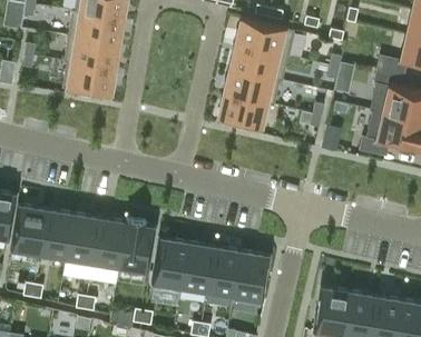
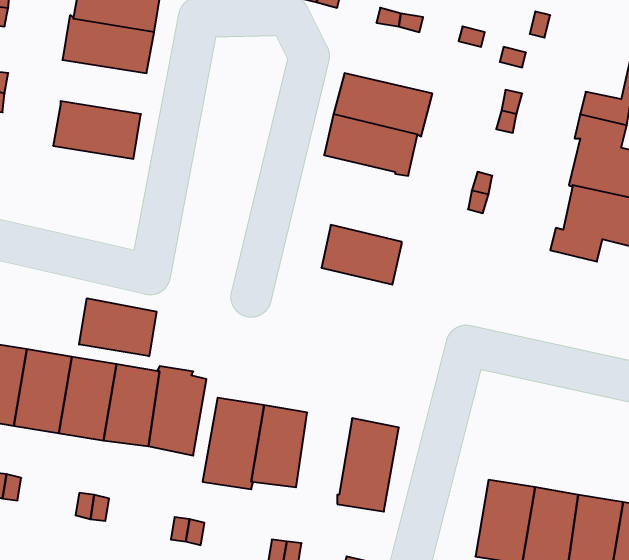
building: [236,20,294,58] -> none
building: [63,38,118,70] -> none
building: [218,95,266,130] -> [321,225,402,285]
building: none -> [79,298,156,356]
building: [207,248,241,297] -> none

